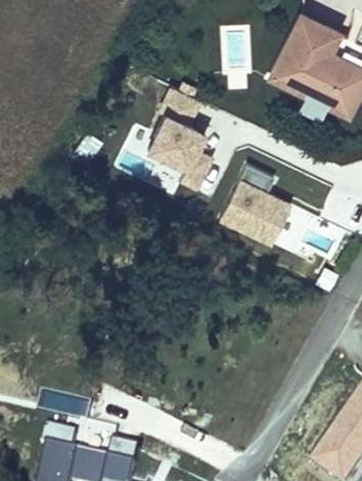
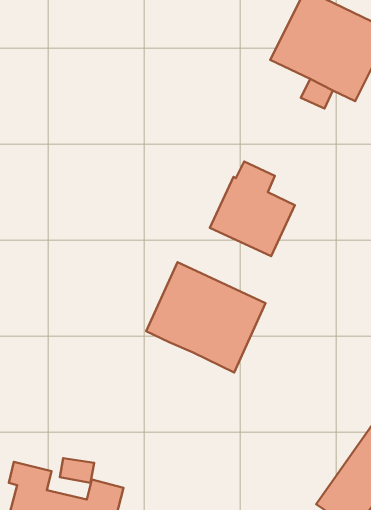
building: [145,87,213,190] -> none
building: none -> [146,262,266,372]

